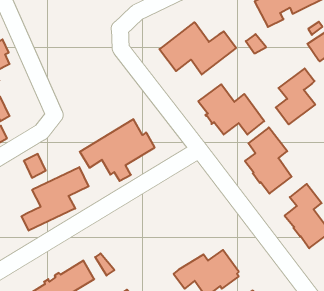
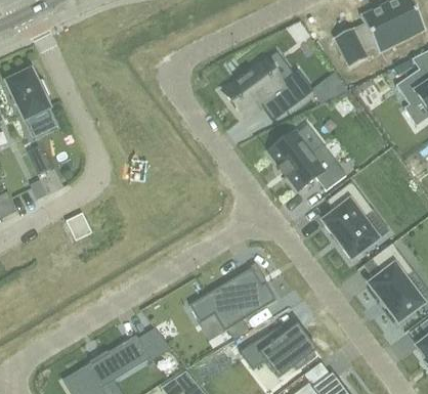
building: [276,68,315,124] -> none
building: [80,119,155,181] -> [189,266,276,338]
building: [21,167,89,231] -> none

